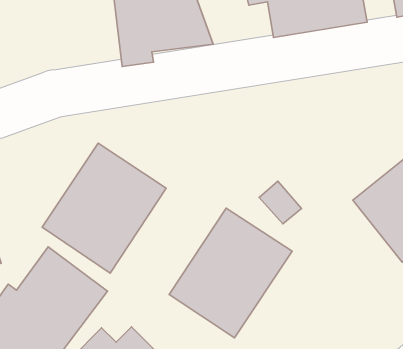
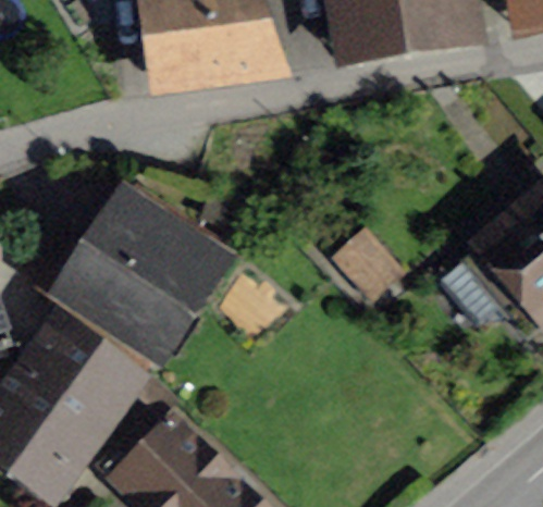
building: [169,208,292,338] -> none

